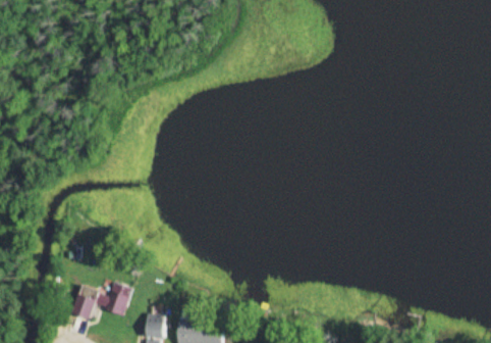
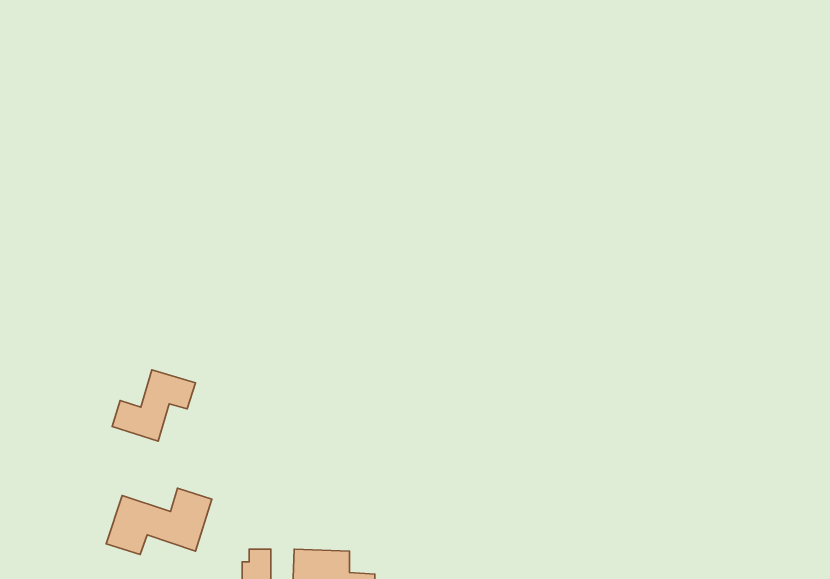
building: none -> [112,370,195,441]

